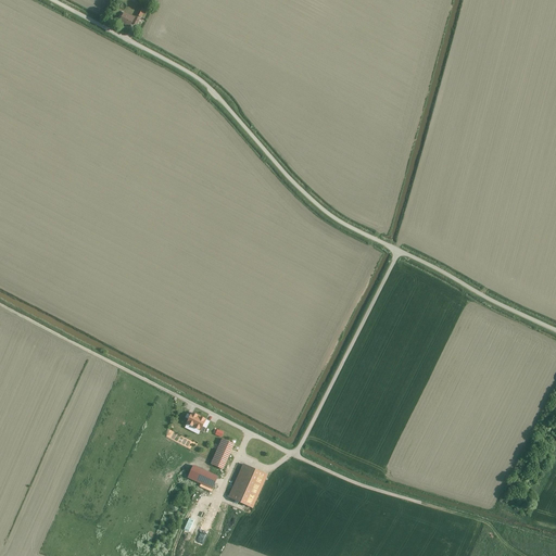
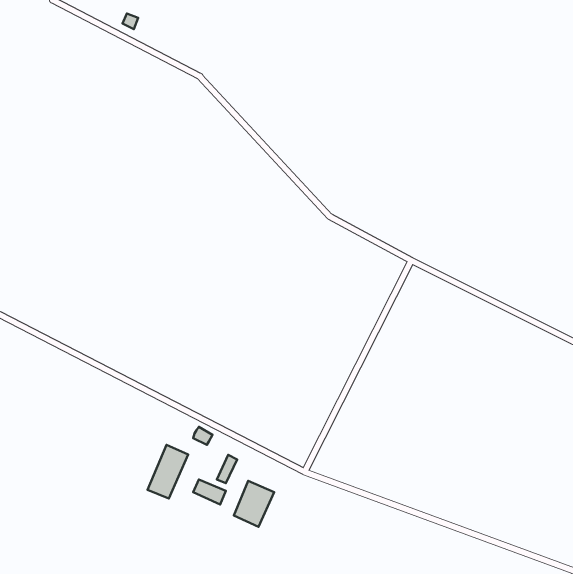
building: none -> [148,445,188,499]

